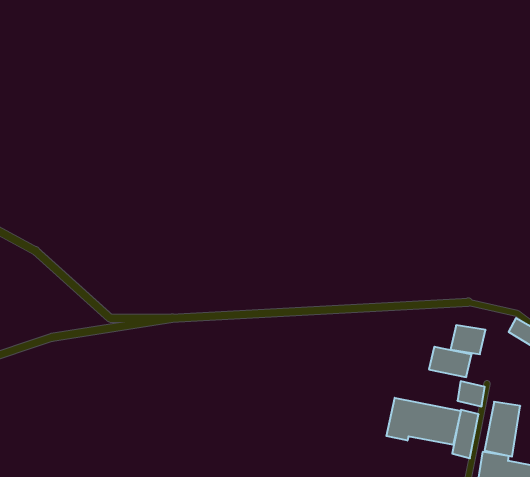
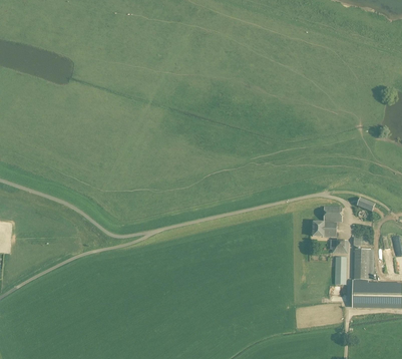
building: [386,398,461,445] -> none

